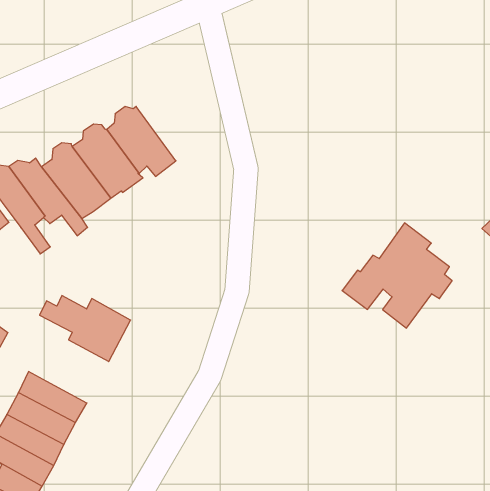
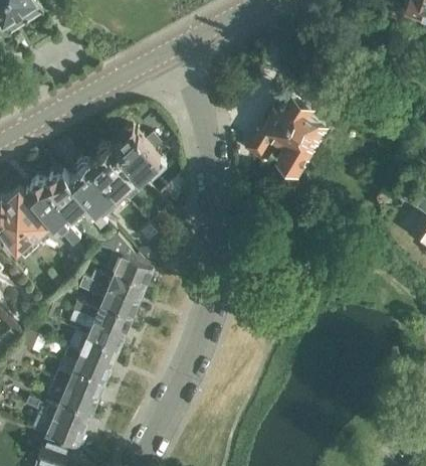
building: [342,223,452,328] -> [247,93,328,170]
building: none -> [98,238,152,287]
building: none -> [67,304,132,351]

